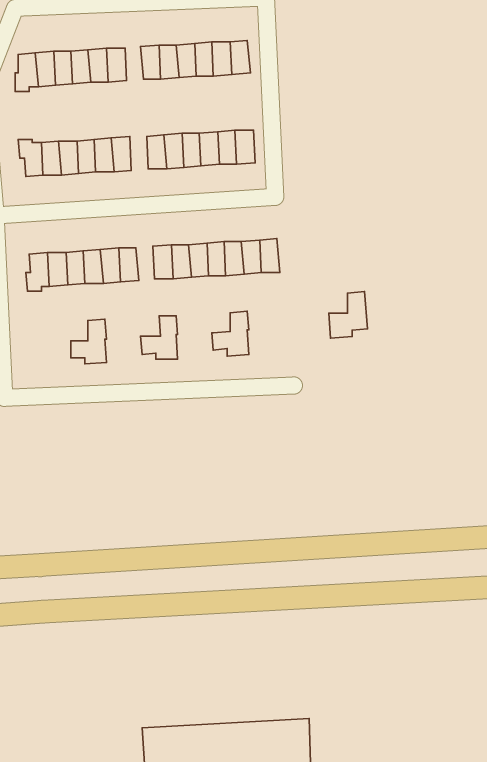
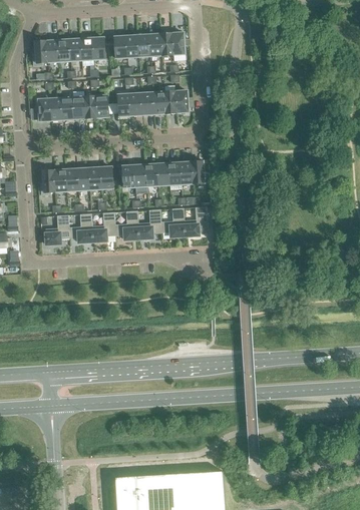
building: [329,292,368,338] -> [183,205,208,235]
building: none -> [136,208,160,238]
building: none -> [90,211,114,240]
building: none -> [44,214,68,243]

